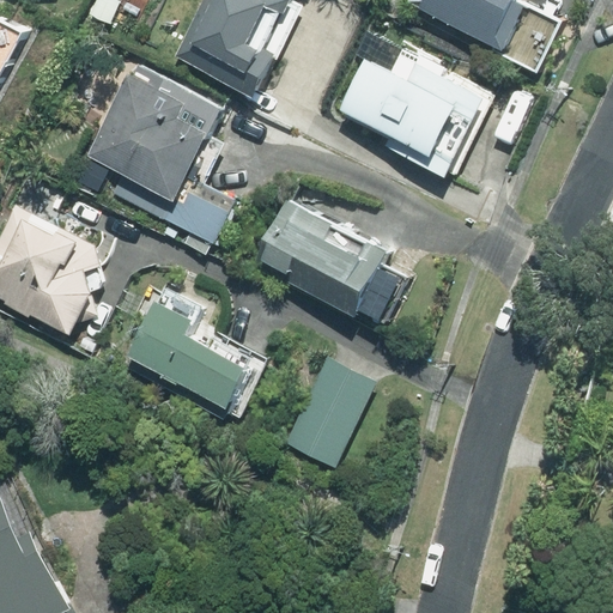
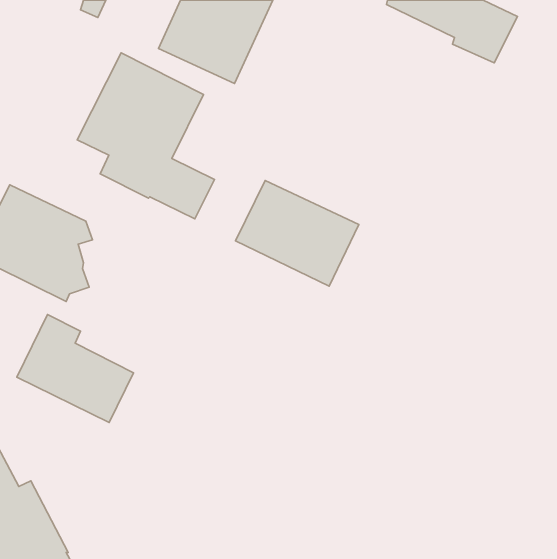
building: [342,54,486,174] -> none
building: [127,298,254,415] -> [17,315,133,422]
building: [284,357,375,467] -> none

